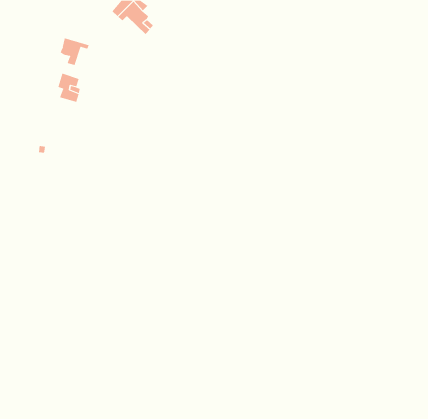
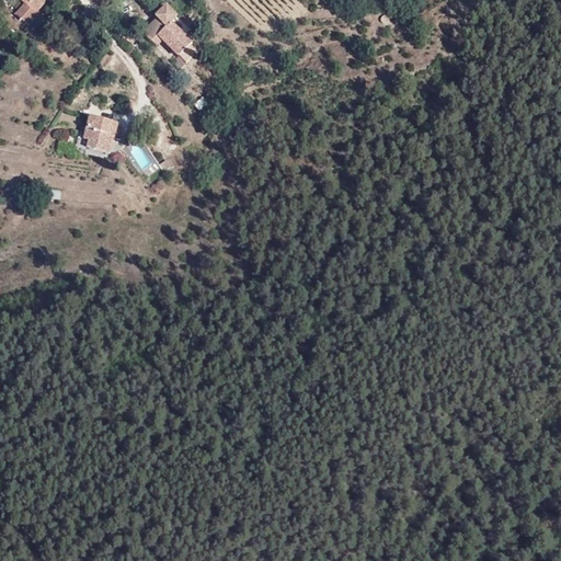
building: [60,37,90,66] -> none

